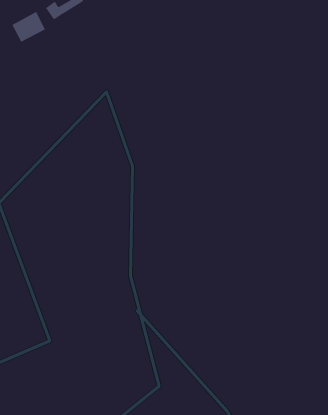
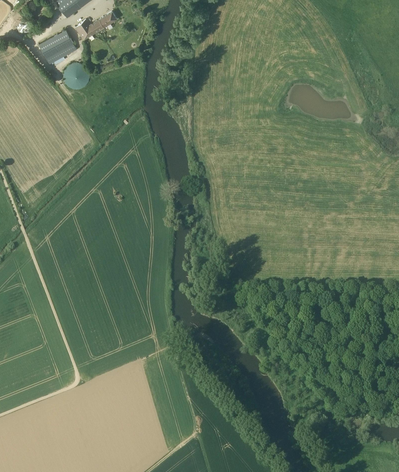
building: none -> [62,61,91,90]

